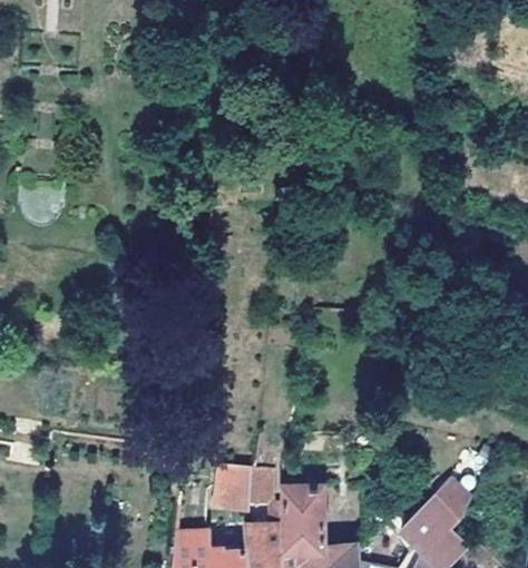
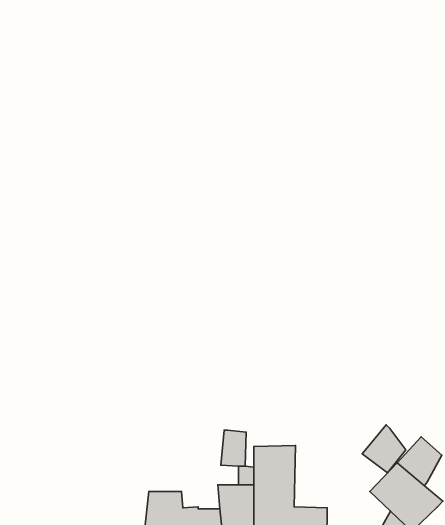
building: none -> [362,425,406,473]
building: [213,467,252,510] -> none

